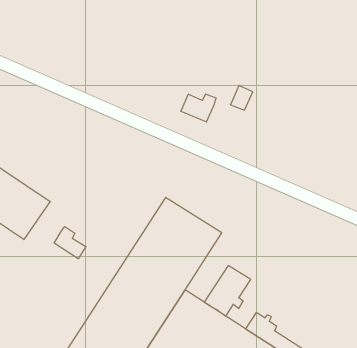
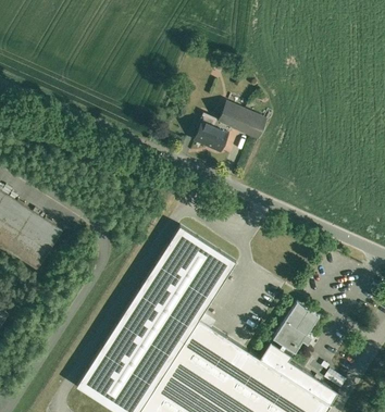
building: none -> [219,103,252,134]
building: [54,227,86,259] -> none
building: [204,266,251,316] -> [272,303,319,354]

